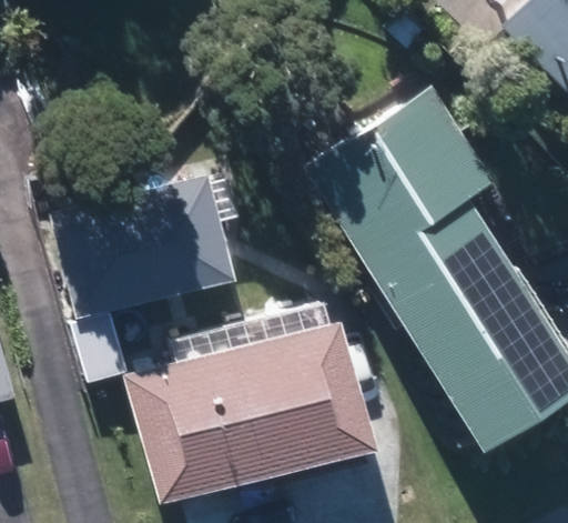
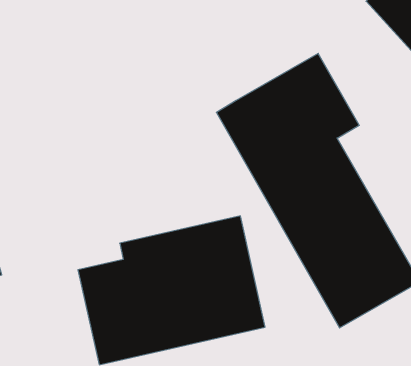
building: [55,170,233,319] -> none

